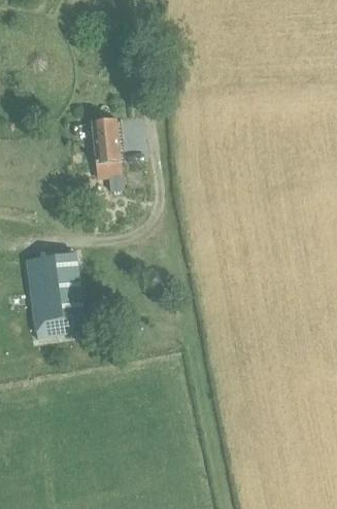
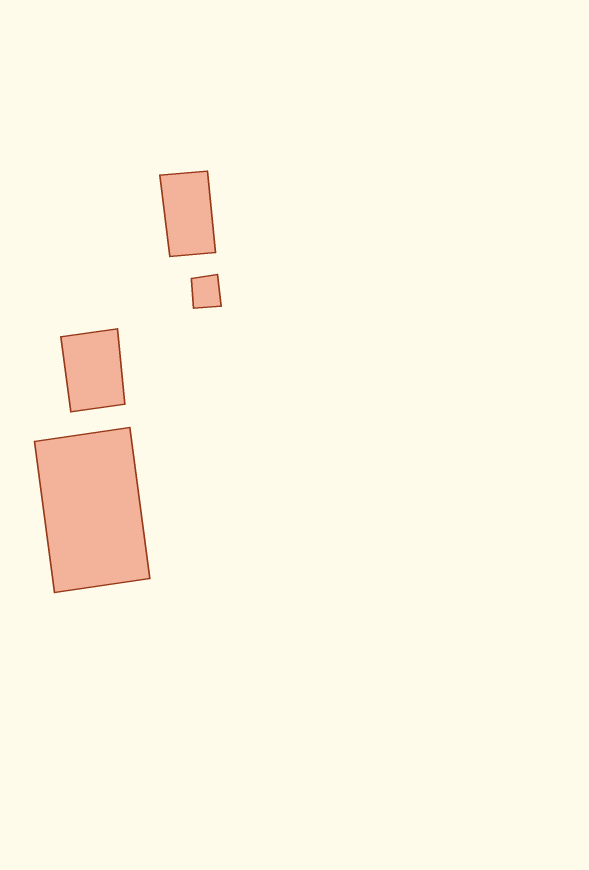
building: none -> [61,329,125,412]

